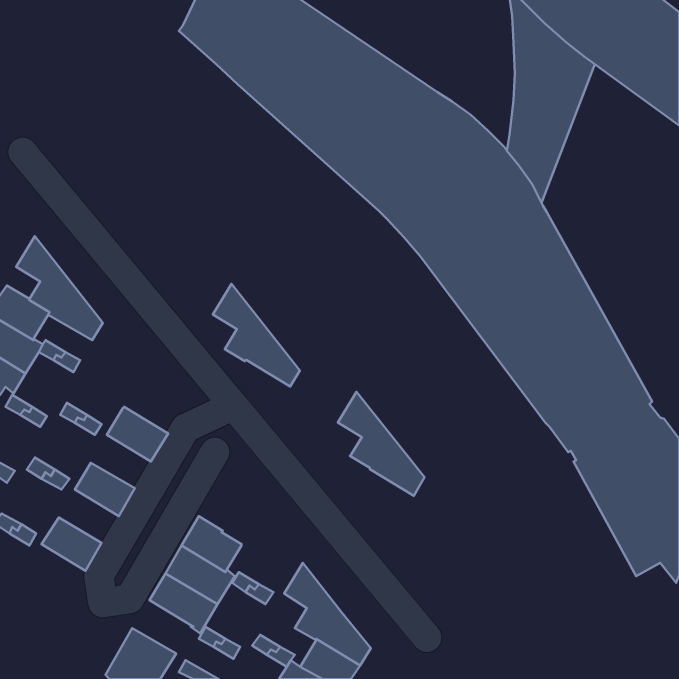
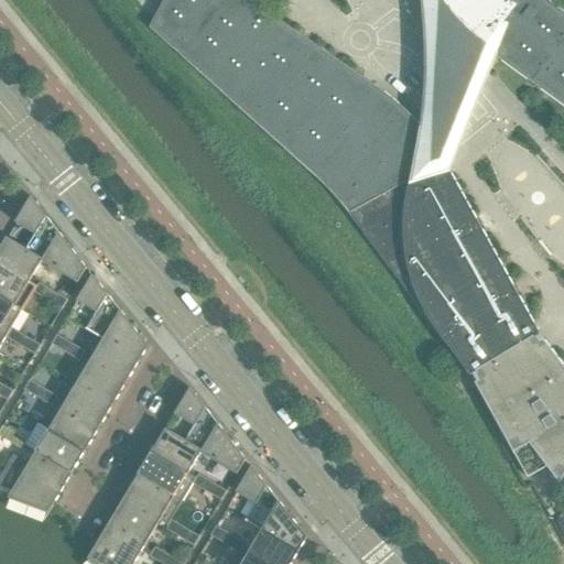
building: [213,284,300,387] -> [75,273,147,358]
building: [338,392,425,496] -> [173,387,245,473]
building: none -> [75,359,124,403]
building: none -> [48,404,98,448]
building: none -> [7,449,70,511]
building: none -> [109,496,160,540]

